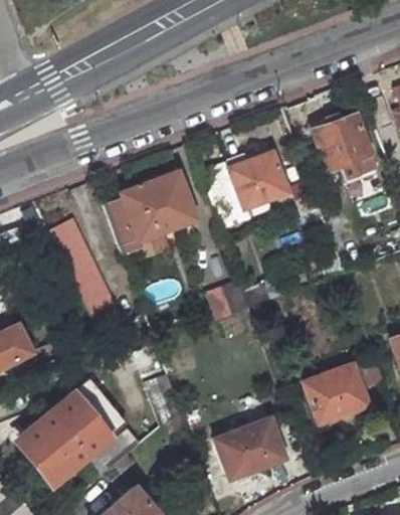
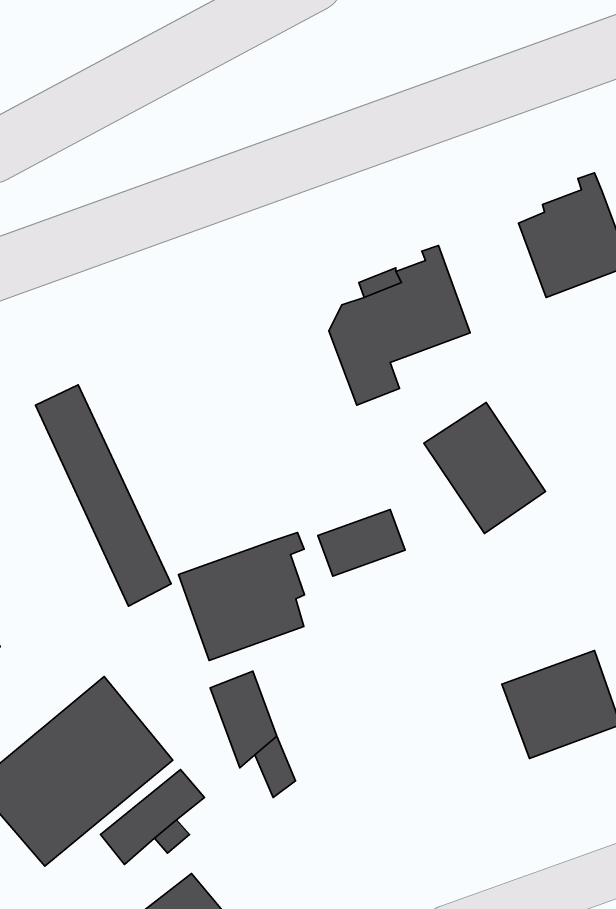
building: [105,171,193,249] -> none
building: none -> [424,402,546,533]
building: none -> [179,532,304,661]
building: [215,417,284,476] -> none

